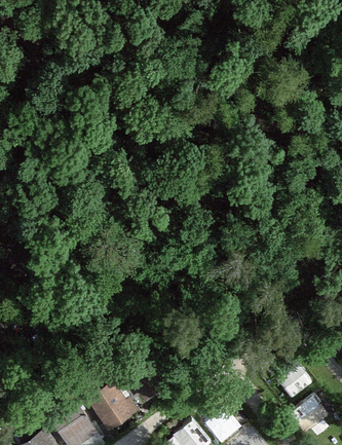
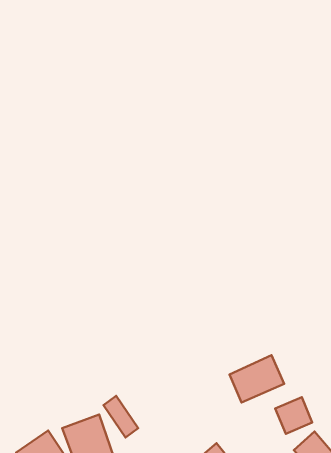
building: none -> [230,355,284,403]

